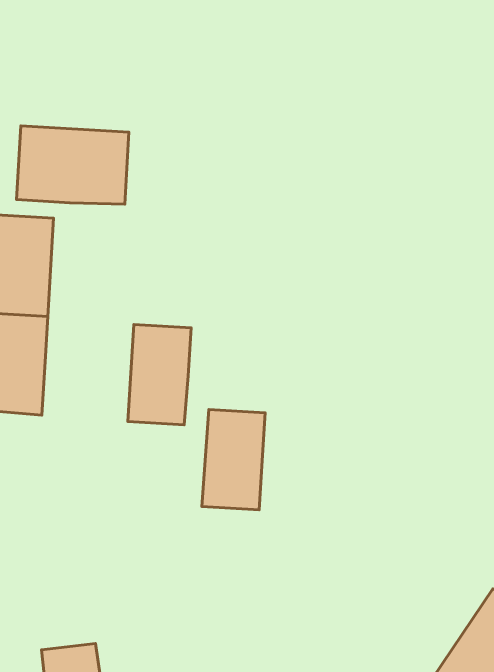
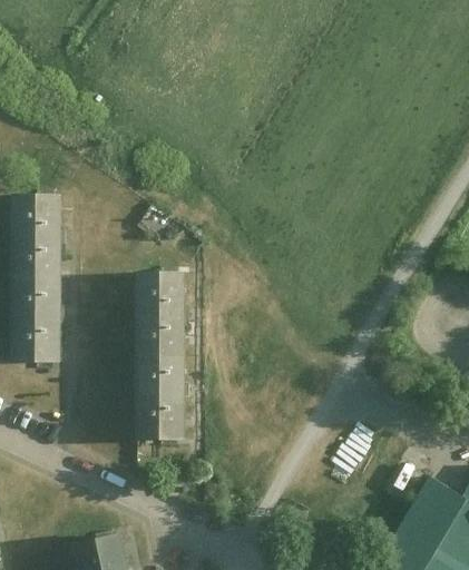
building: [17,126,129,204] -> none
building: [202,409,265,510] -> [134,360,180,439]

